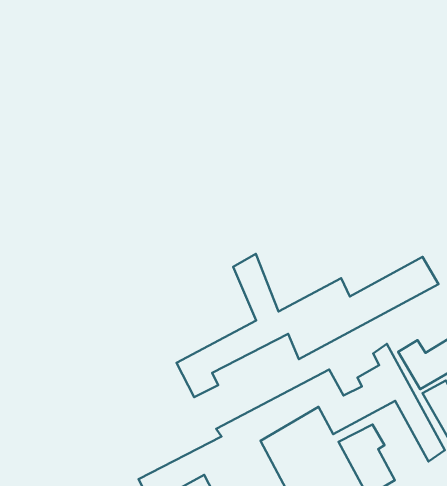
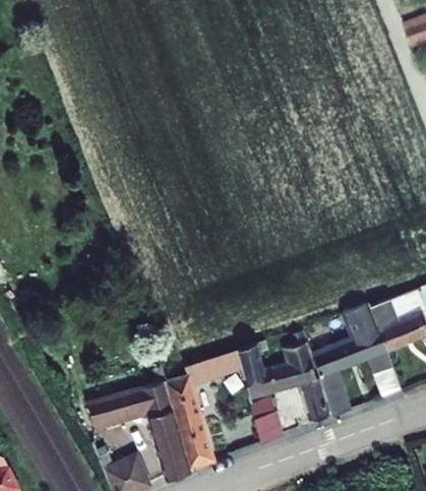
building: [177,254,439,397] -> none

